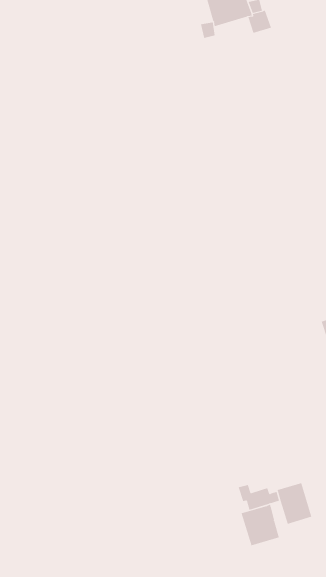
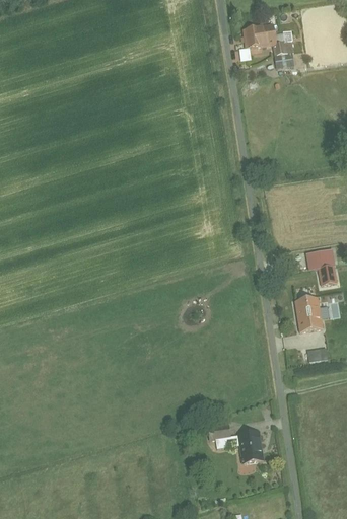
building: [241,504,279,546] -> none

